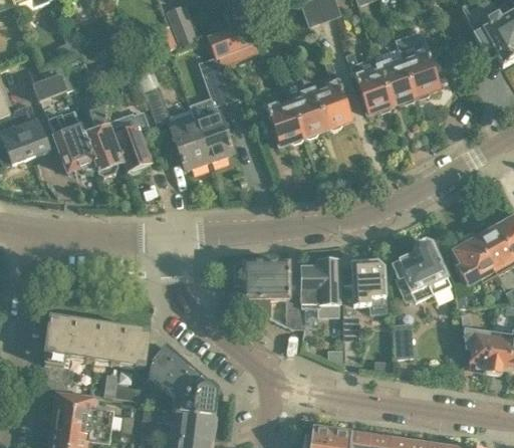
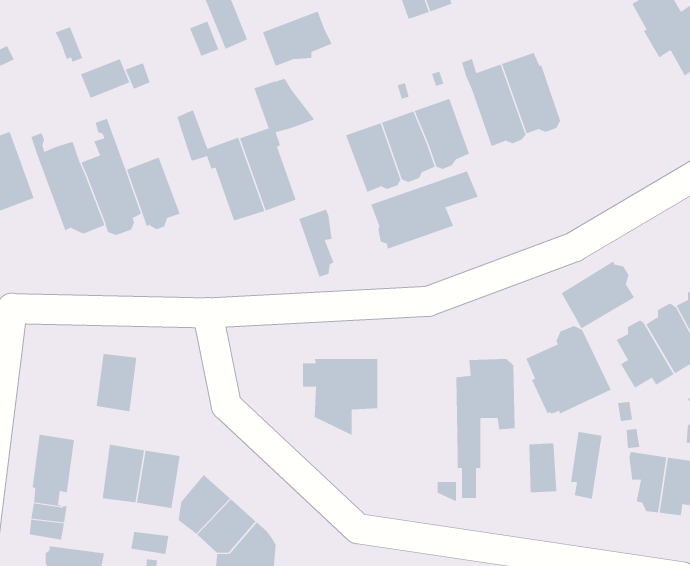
building: [403,47,441,97] -> none
building: [32,72,67,100] -> [80,58,130,98]
building: none -> [370,170,478,250]
building: none -> [298,209,334,277]
building: none -> [561,260,635,329]
building: [287,261,339,327] -> none
building: none -> [571,431,602,500]
building: [70,319,99,361] -> [96,353,137,412]

